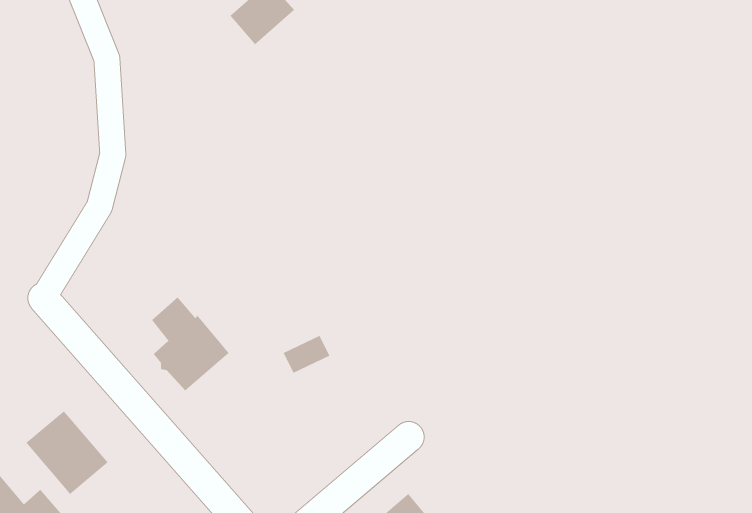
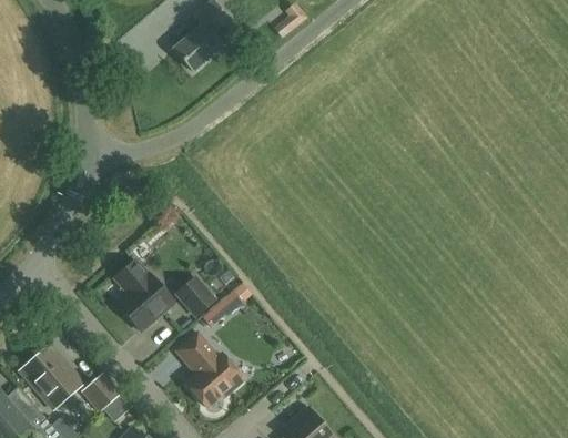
building: none -> [176,276,215,315]
building: none -> [176,332,244,407]
building: none -> [83,374,119,409]

